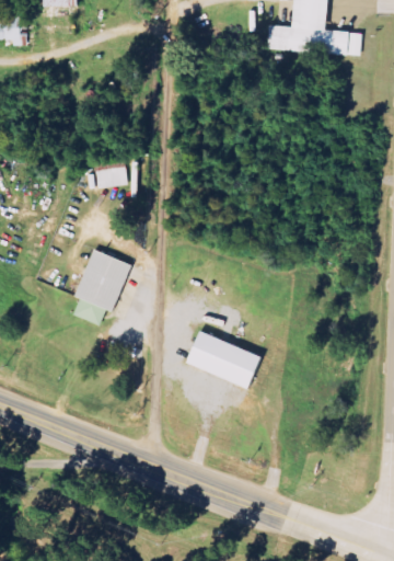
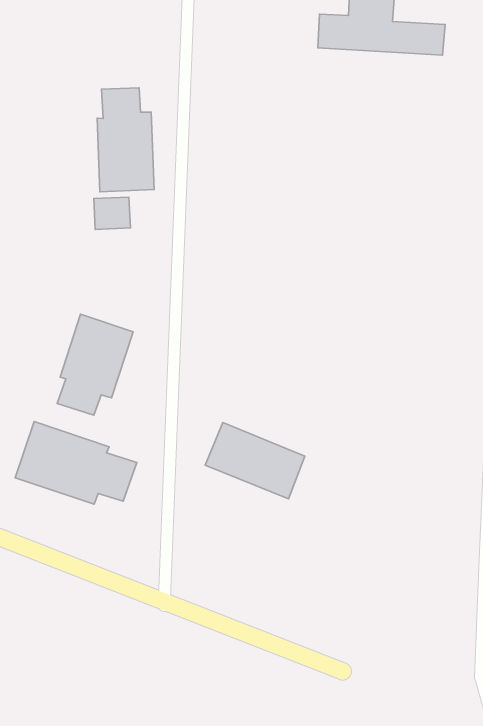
building: none -> [97,88,154,192]
building: none -> [15,421,137,504]

